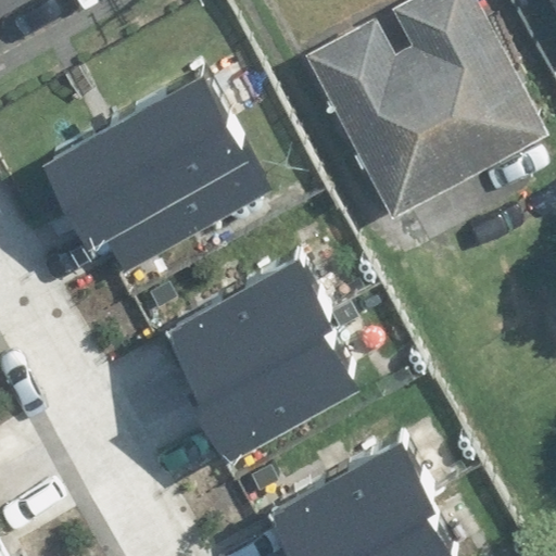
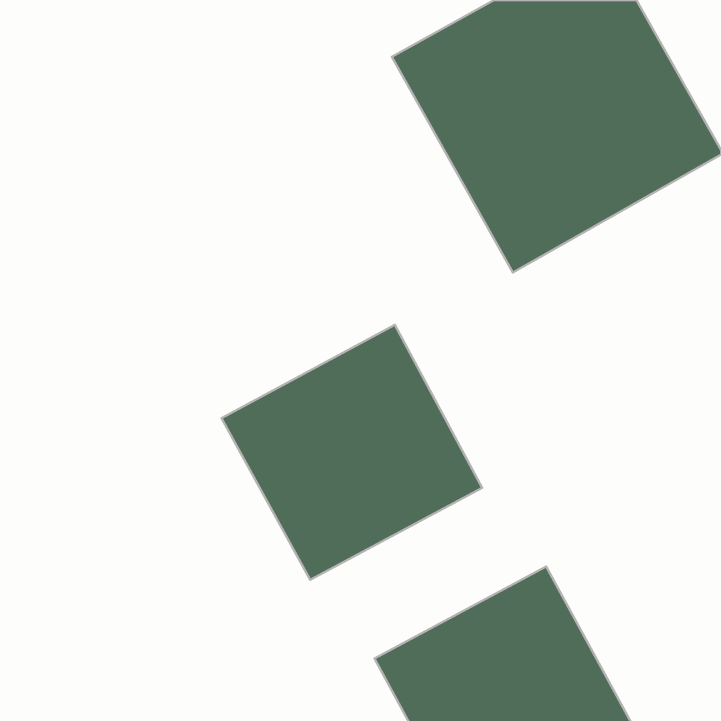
building: [51,77,273,273] -> none

